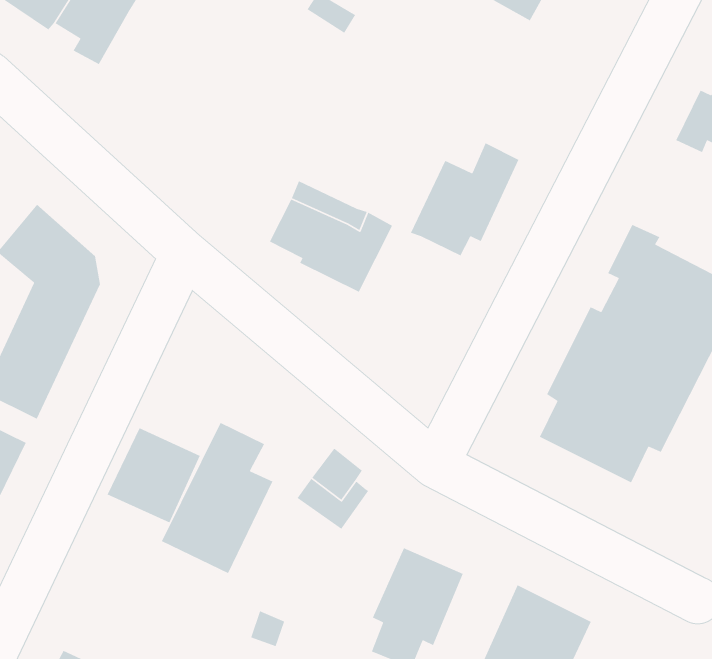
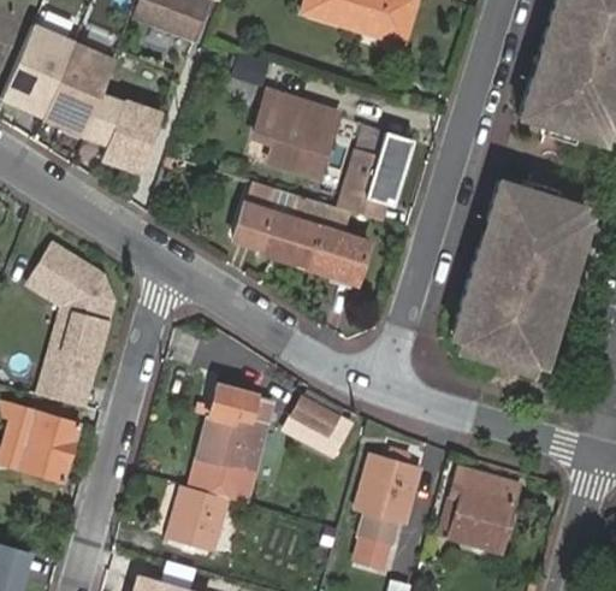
building: none -> [84,90,161,176]
building: none -> [255,89,339,177]
building: none -> [307,215,369,285]
building: [107,427,201,523] -> [165,483,230,550]

